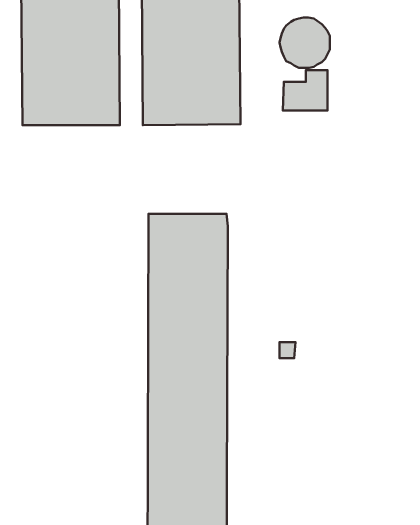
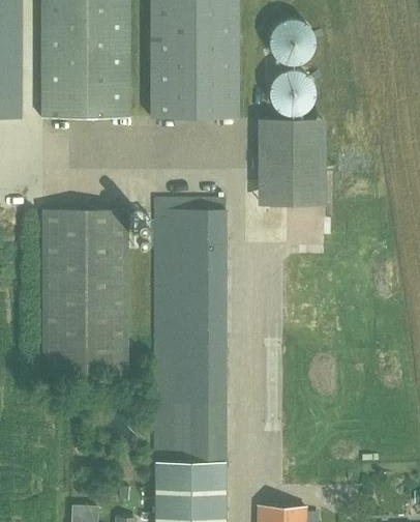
building: none -> [262,113,331,199]
building: none -> [43,210,126,375]

